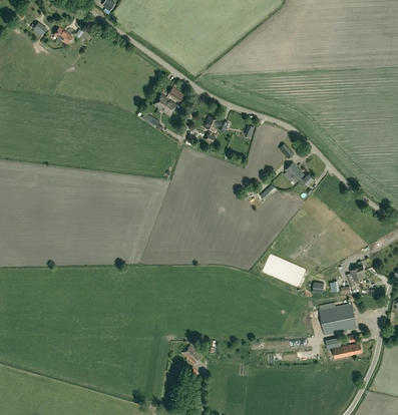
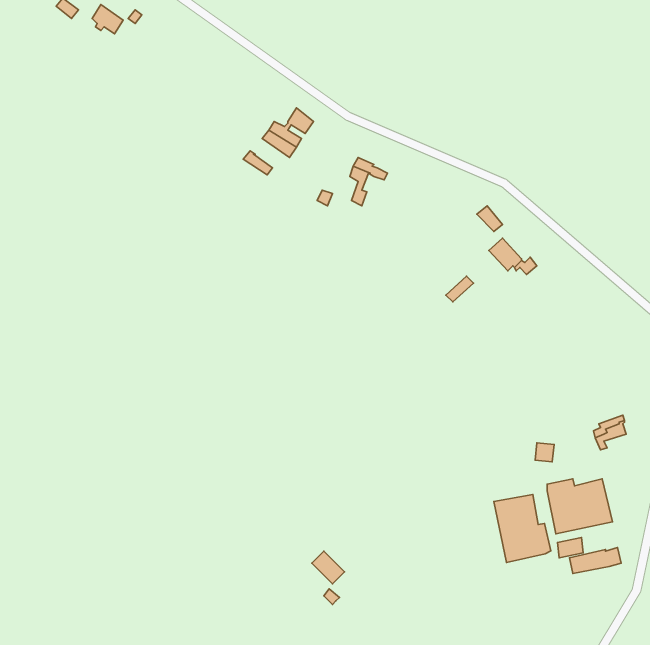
building: none -> [494,494,551,562]

